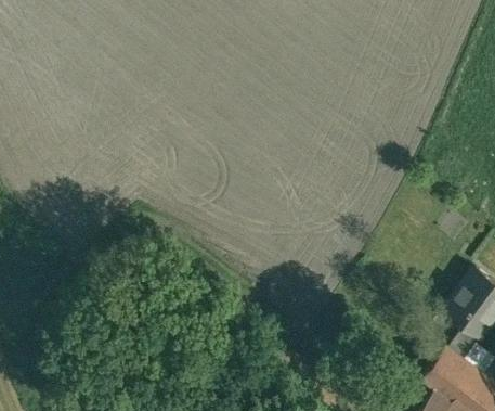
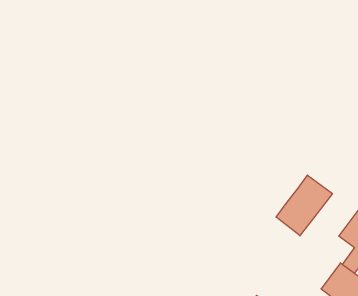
building: none -> [276,175,332,236]

